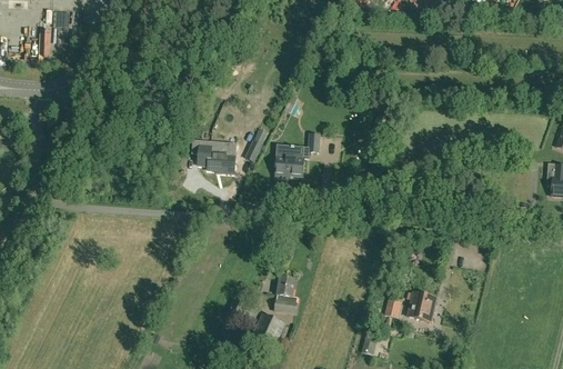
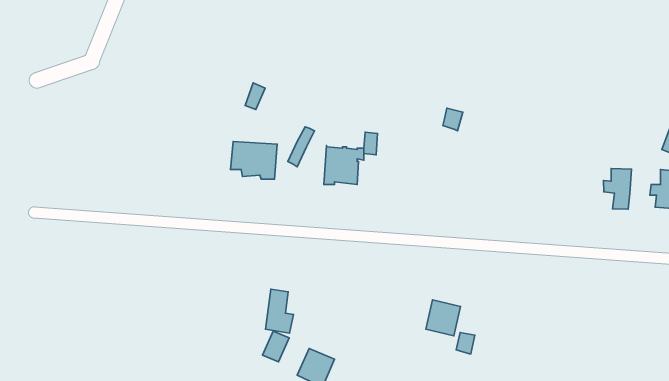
building: none -> [604,168,631,209]
building: [275,276,299,312] -> [265,289,293,333]
building: [408,291,436,321] -> [426,300,461,336]

